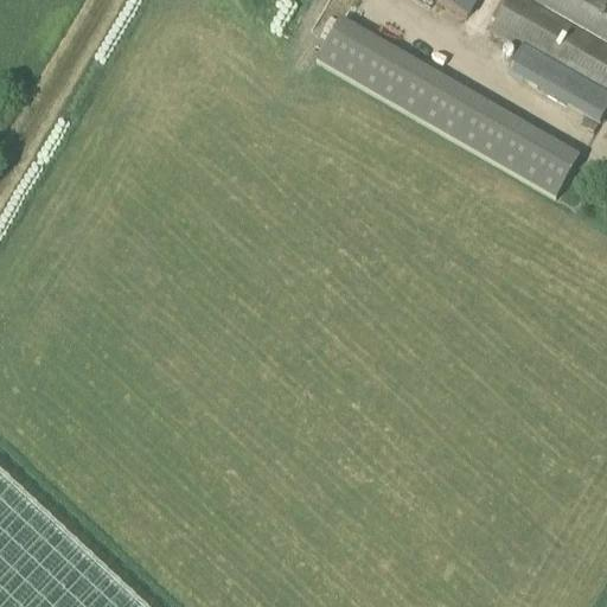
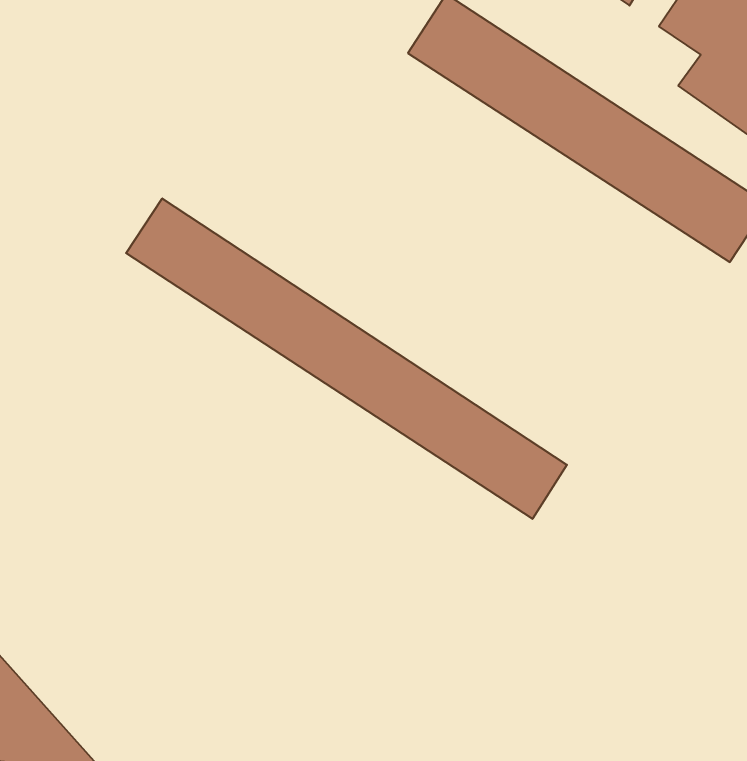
building: none -> [126,198,567,519]

